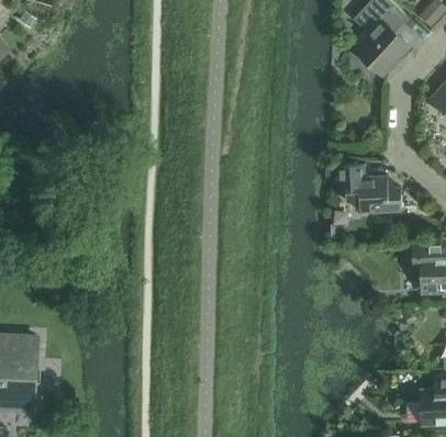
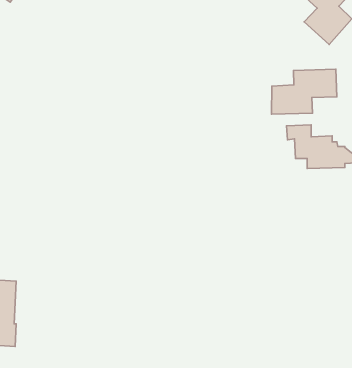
building: none -> [272,69,337,114]

